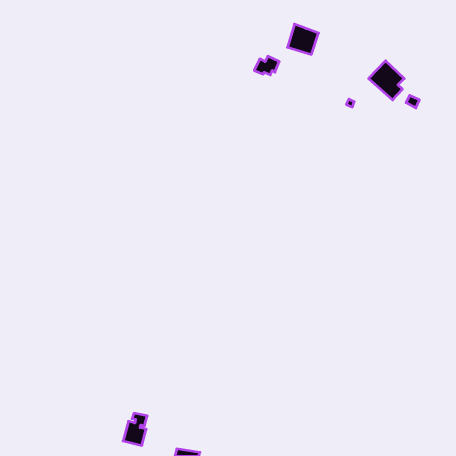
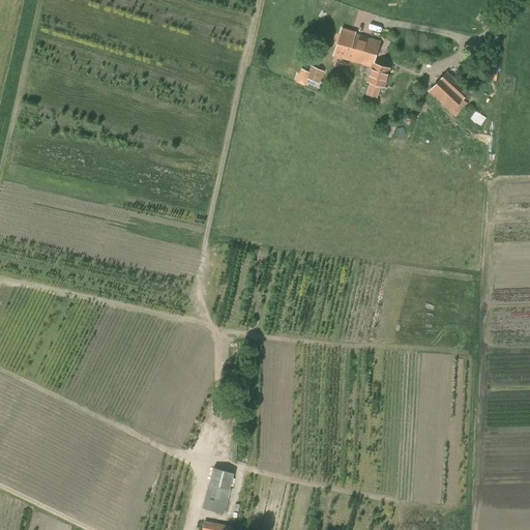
building: none -> [361,38,388,96]
building: [123,413,147,445] -> [202,476,230,513]

